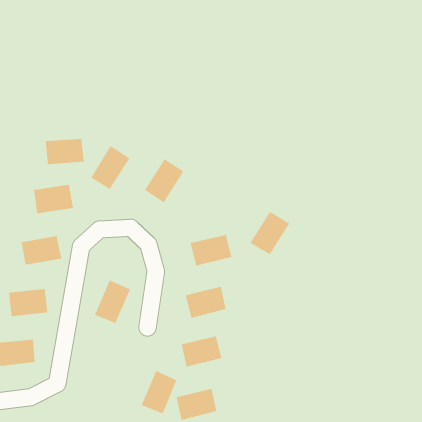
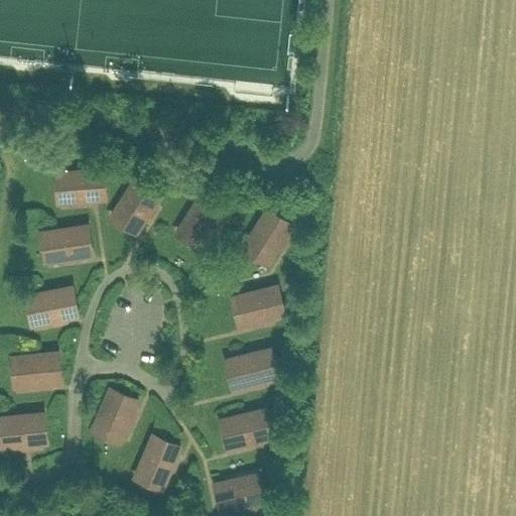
building: [249,211,290,255] -> [241,211,290,264]
building: [94,280,131,324] -> [91,389,135,442]
building: [141,370,177,414] -> [133,435,177,489]

